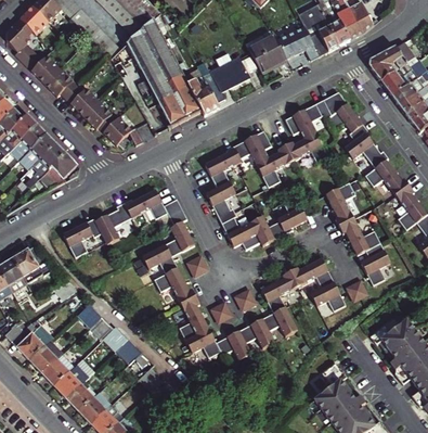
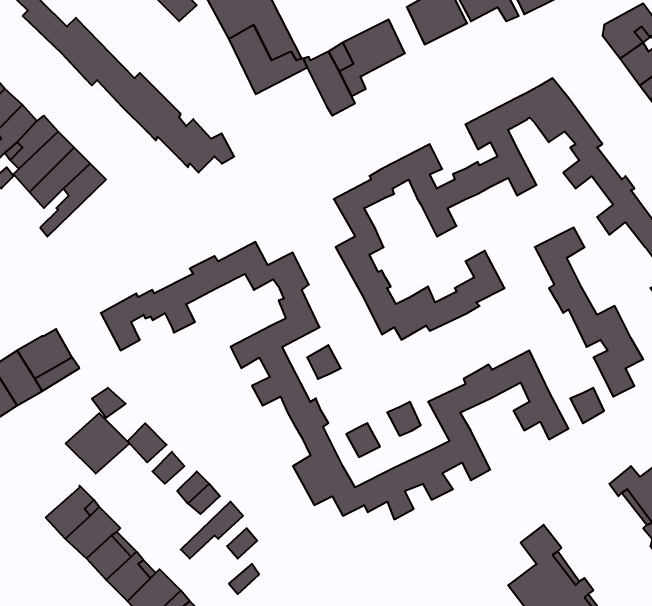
building: [157,85,200,125] -> none
building: [30,153,77,192] -> none
building: [11,322,50,359] -> [66,413,130,474]

